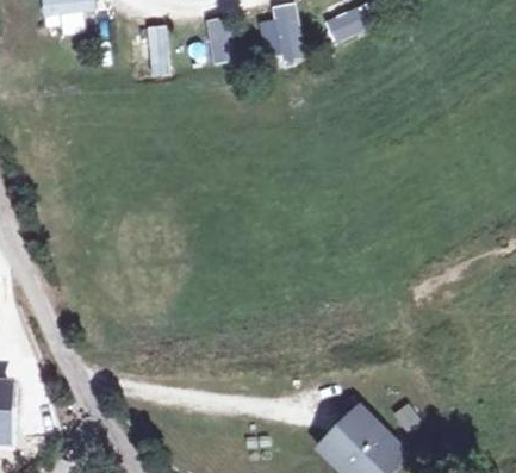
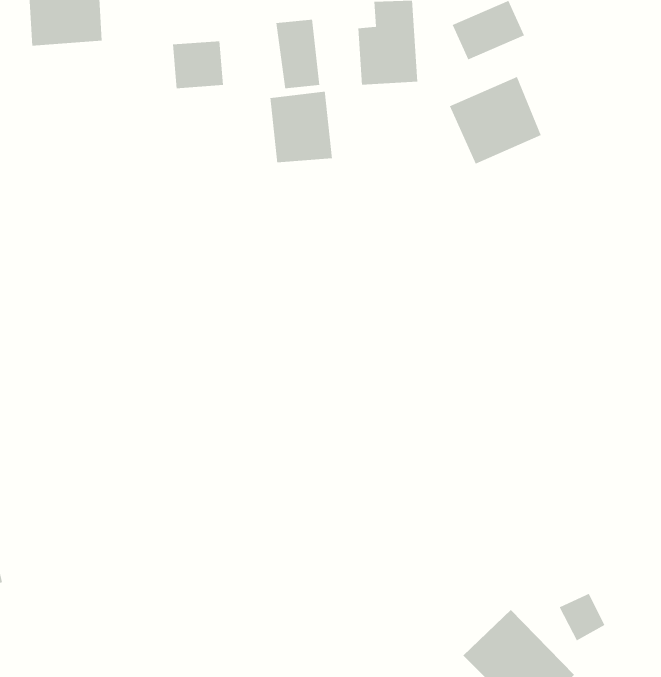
building: none -> [449,76,542,164]
building: none -> [270,91,333,163]

